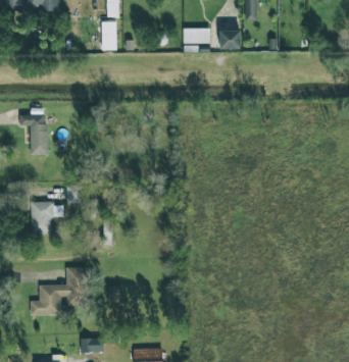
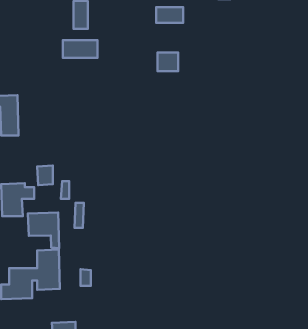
building: [220,30,241,48] -> [158,52,178,71]
building: none -> [63,40,98,58]
building: none -> [28,212,59,248]

